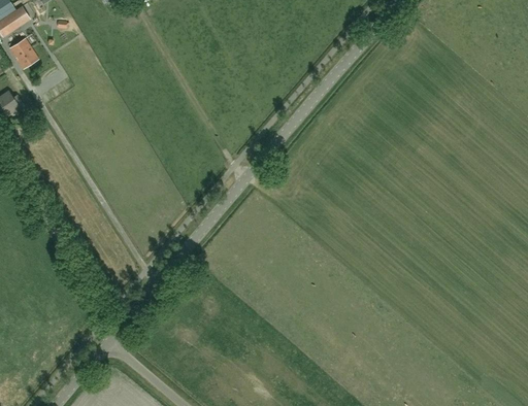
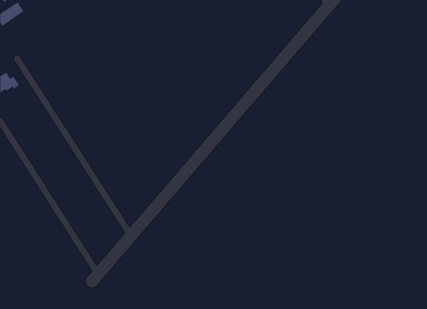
building: [9,38,38,69] -> none

